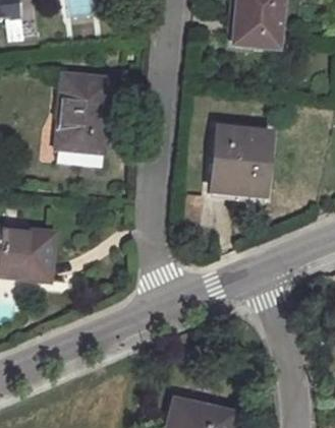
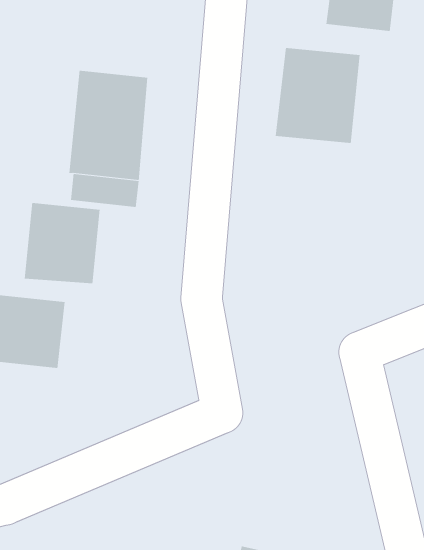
building: [211,127,270,193] -> [275,48,360,144]
building: none -> [24,202,100,284]

